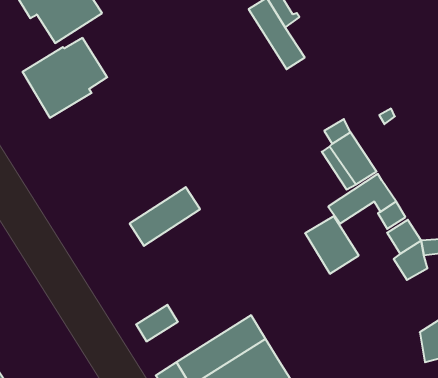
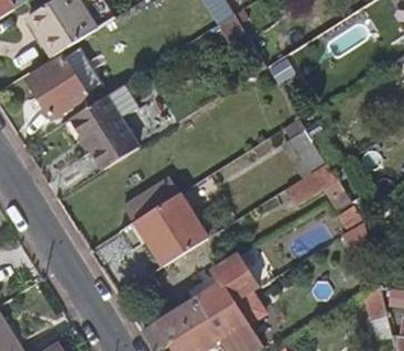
building: none -> [72,96,138,169]
building: none -> [131,194,207,267]
building: [305,216,359,274] -> [212,254,258,303]

